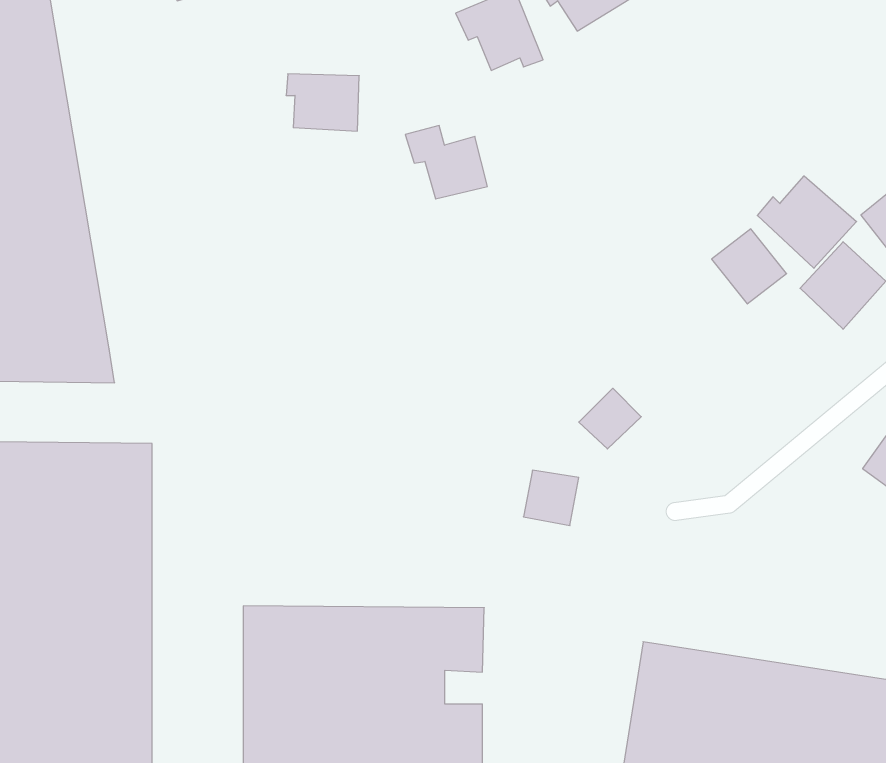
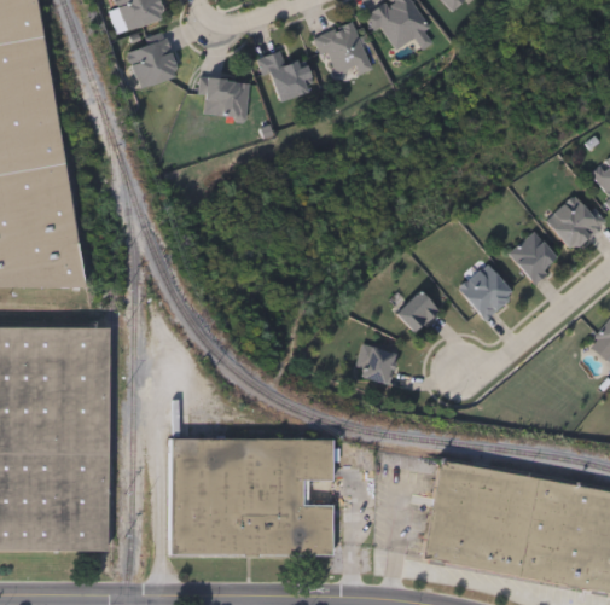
building: none -> [128,37,178,87]
building: [405,126,487,199] -> [258,51,314,100]
building: [757,176,857,268] -> none
building: [712,229,787,304] -> [510,232,560,283]
building: none -> [460,263,515,319]

